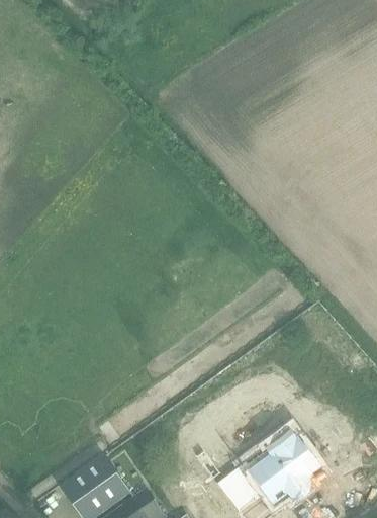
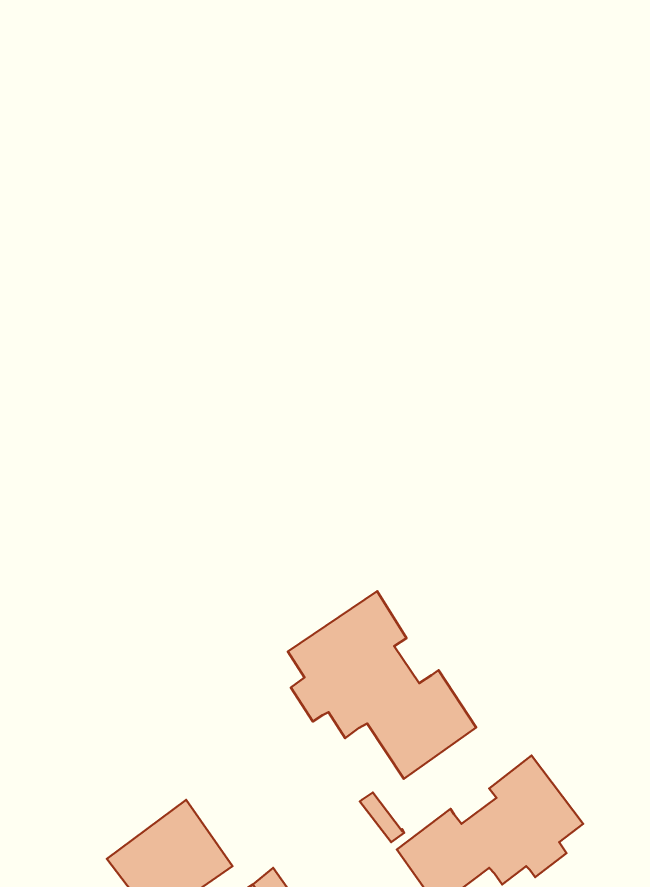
building: none -> [288,591,476,779]

